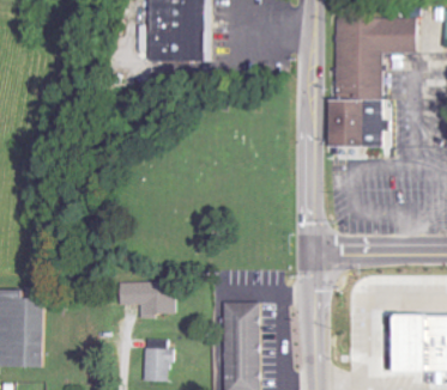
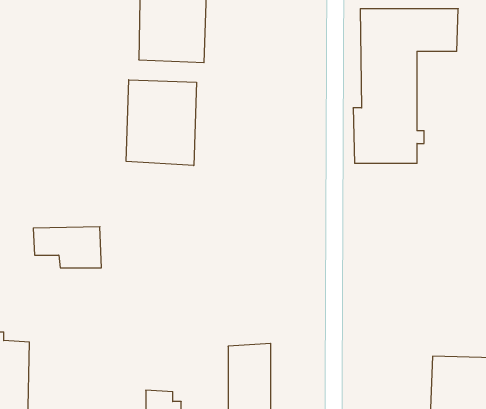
building: none -> [126,80,196,166]
building: [123,281,181,316] -> [33,227,101,268]

